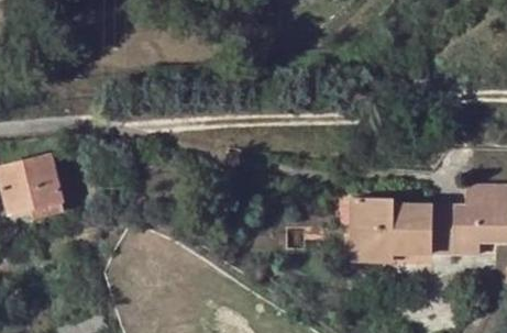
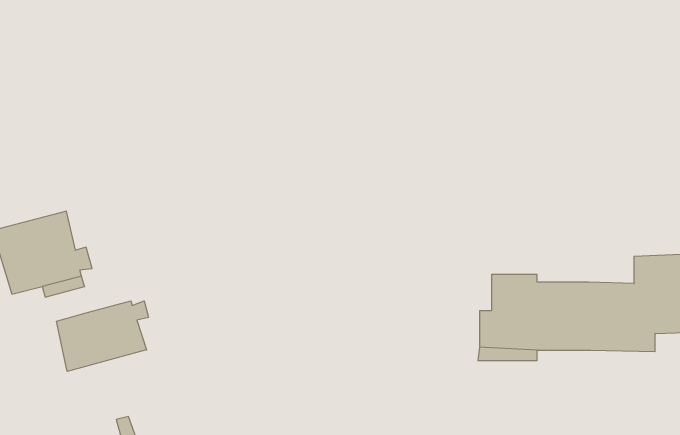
building: none -> [57,301,148,371]

